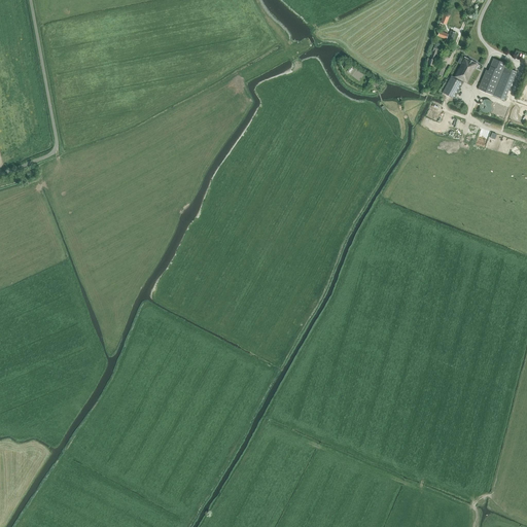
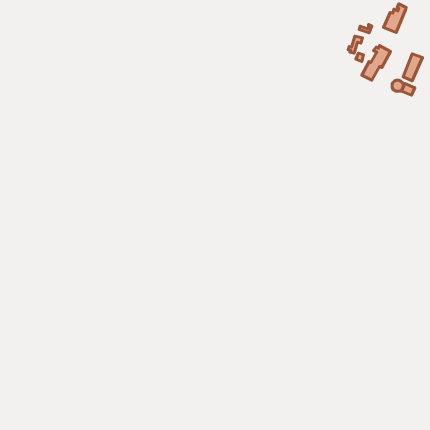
building: [477,59,504,94] -> [384,4,406,33]

